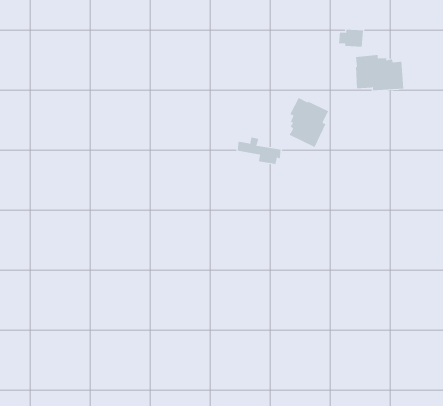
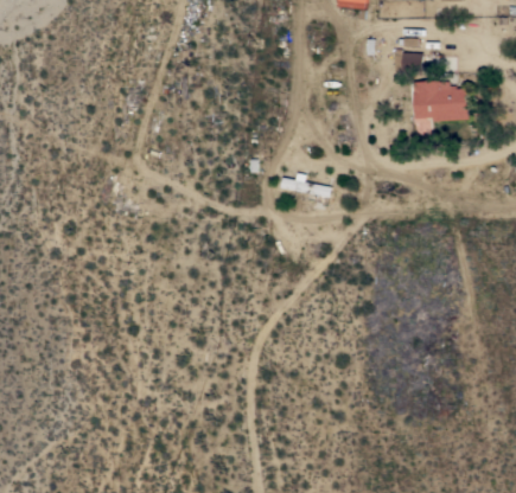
building: [289,97,329,148] -> none

